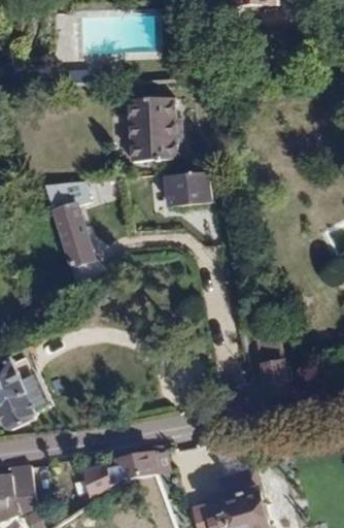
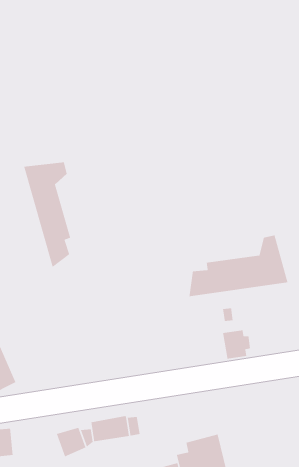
building: [133,98,180,159] -> none
building: [165,171,212,209] -> none
building: none -> [188,235,288,297]

